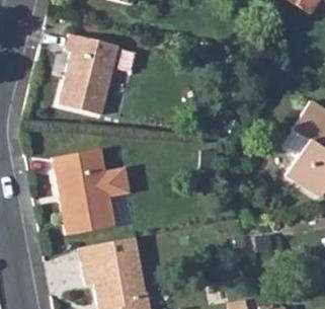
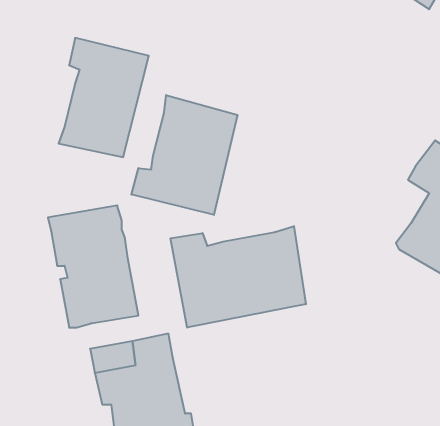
building: none -> [131,95,237,215]
building: none -> [171,226,306,328]

